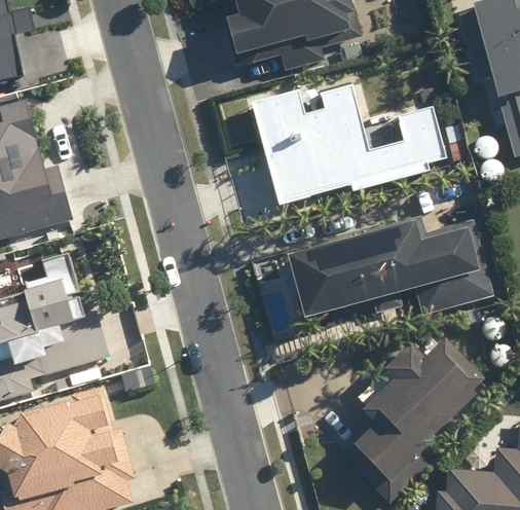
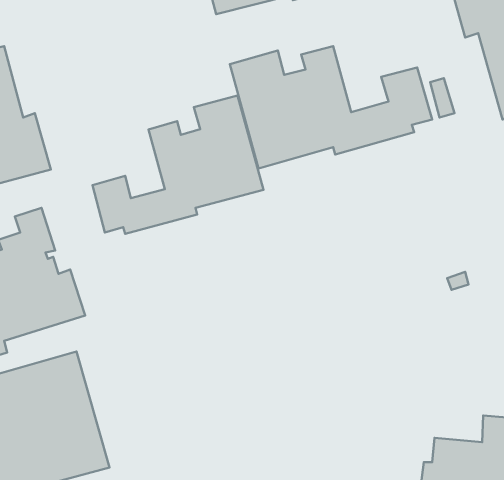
building: none -> [92,96,264,234]
building: [286,214,493,327] -> none
building: [344,339,482,502] -> none

